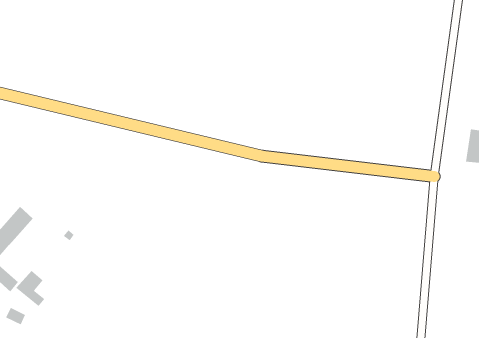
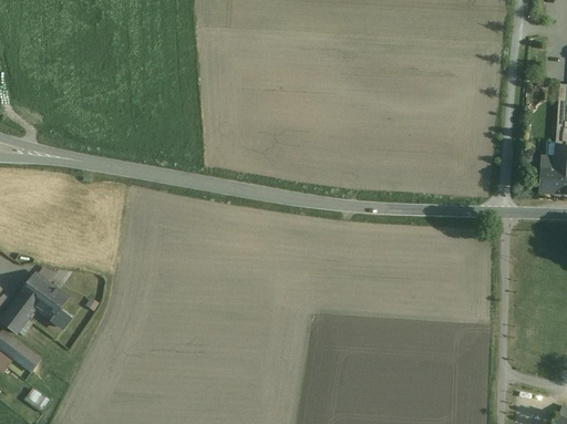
building: [16,270,45,307] -> [37,286,71,327]

